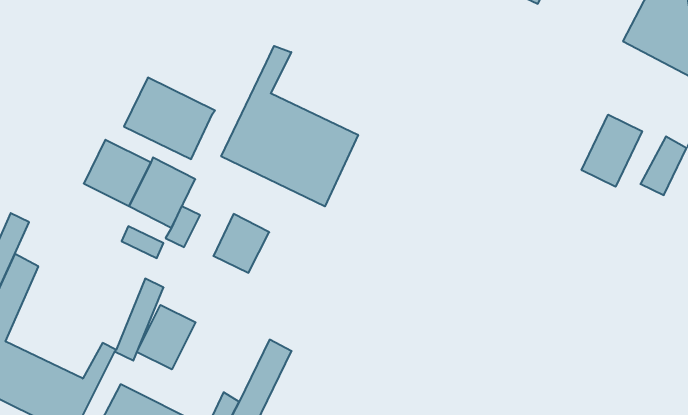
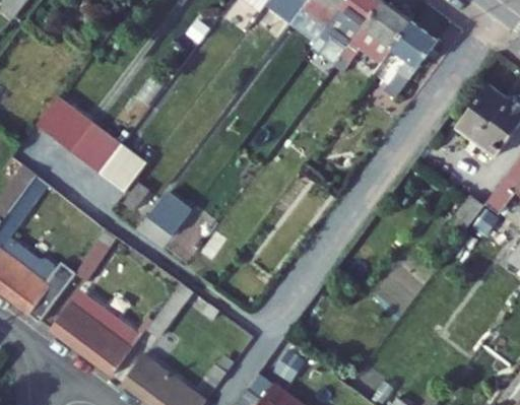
building: [221,46,358,206] -> none
building: [124,78,215,159] -> [42,98,104,157]
building: [582,115,642,187] -> none
building: [137,305,196,369] -> none

